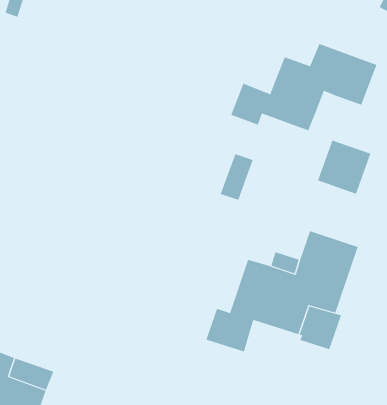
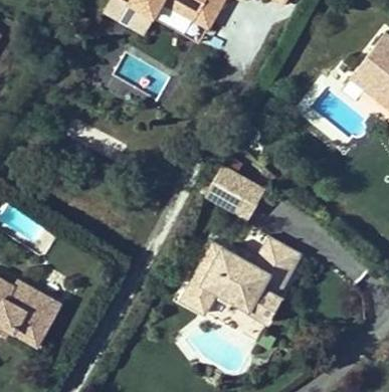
building: [231,43,377,131] -> none
building: [317,140,371,194] -> [219,174,262,217]

